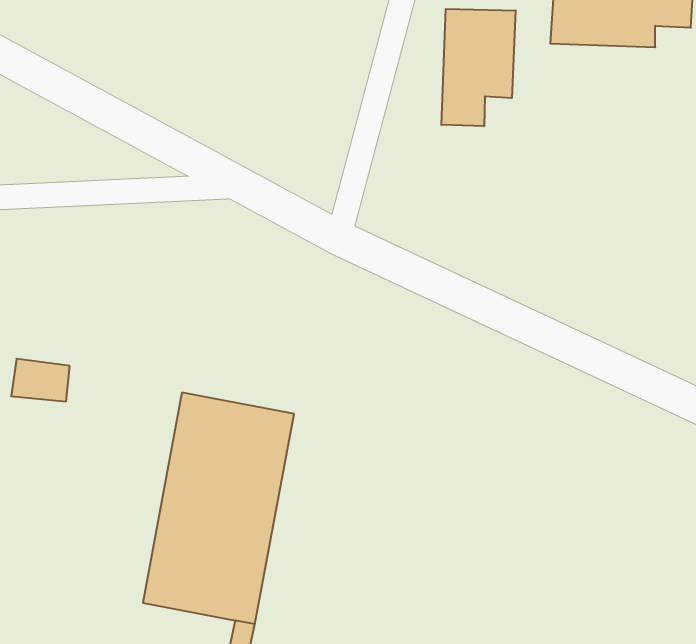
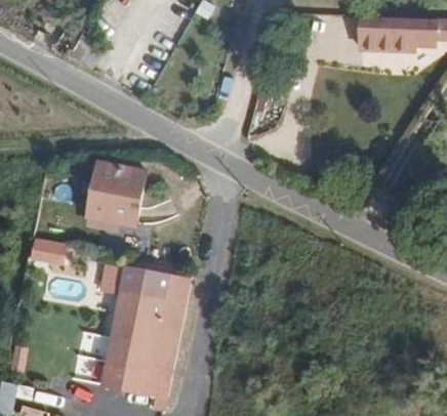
building: [441,9,516,126] -> none
building: none -> [95,163,146,222]

